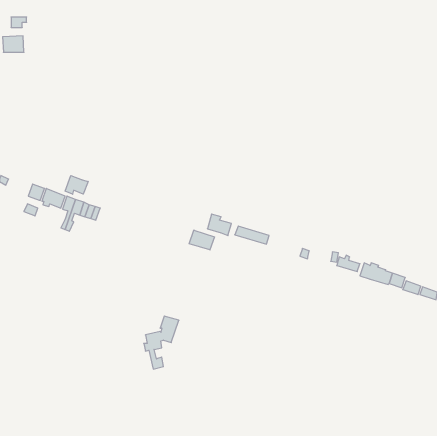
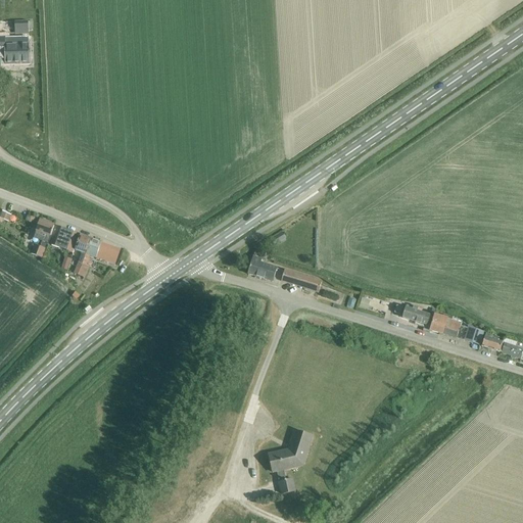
building: [65,176,88,194] -> none
building: [189,230,214,250] -> none
building: [144,316,179,369] -> [270,429,312,492]

